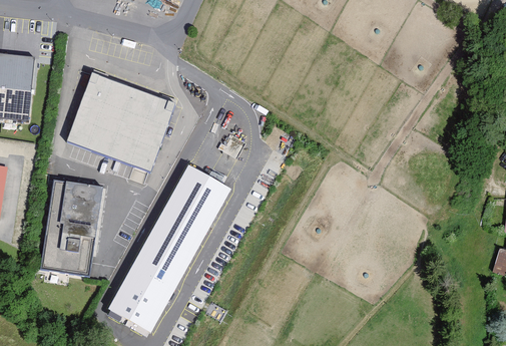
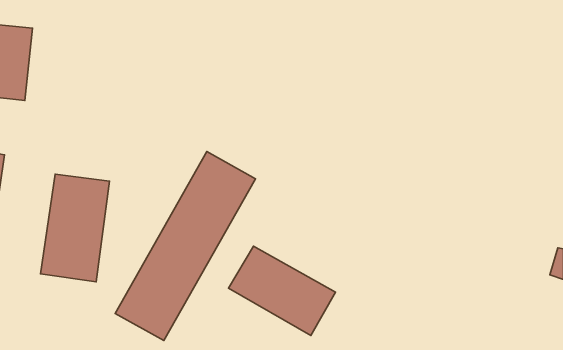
building: [66,74,174,171] -> none
building: none -> [229,246,335,335]

